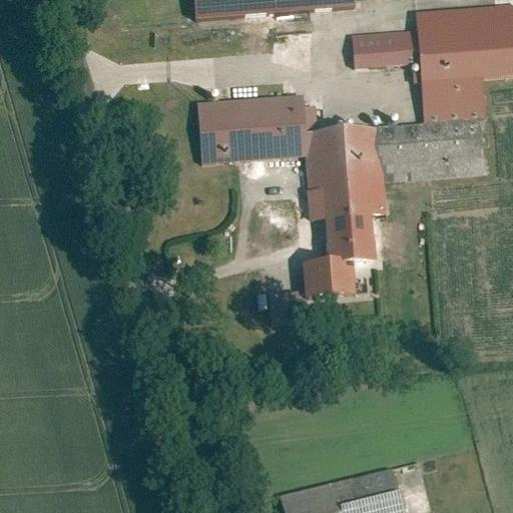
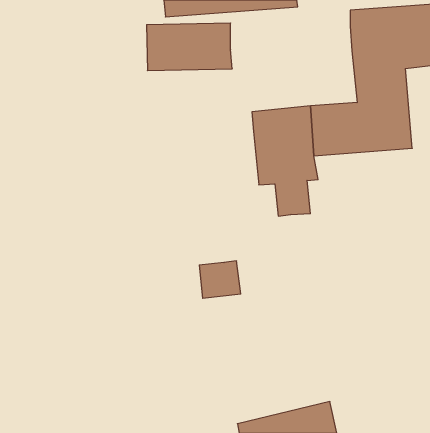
building: [336,31,420,68] -> none
building: [202,101,304,157] -> [147,23,232,71]
building: [304,253,353,298] -> [199,261,241,298]

